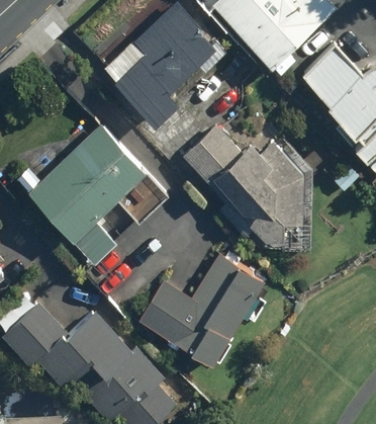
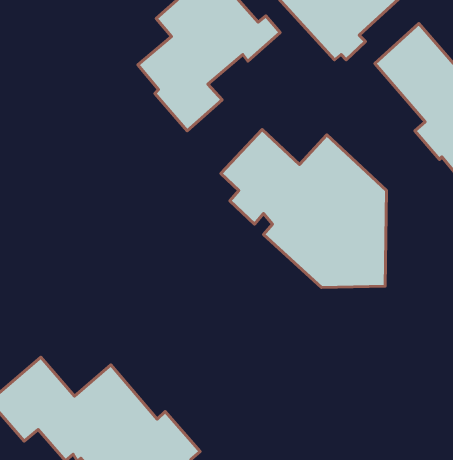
building: [27,122,171,265] -> none
building: [139,252,266,366] -> none

